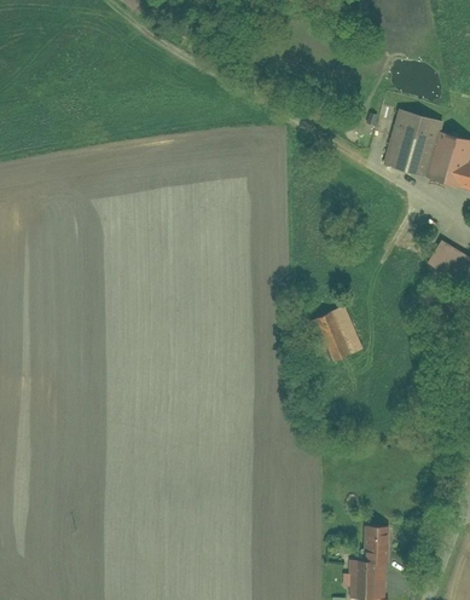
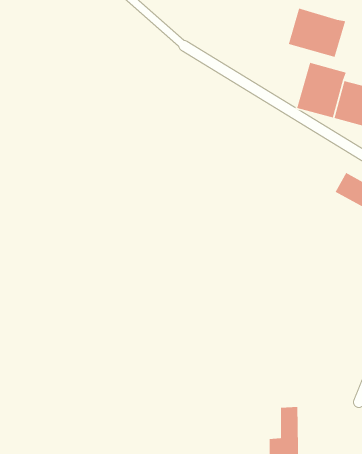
building: none -> [288,7,346,58]
building: [311,306,364,364] -> none

